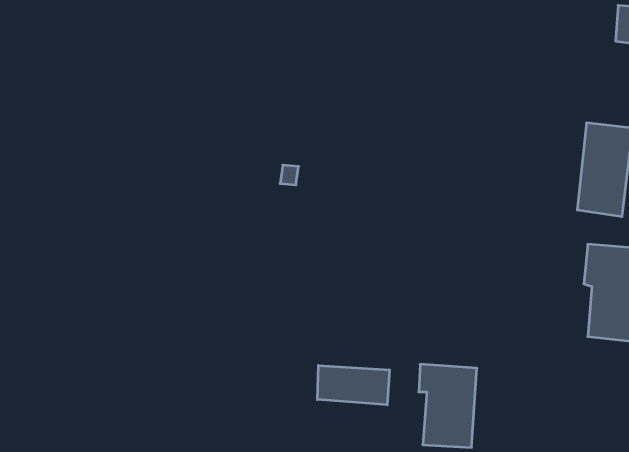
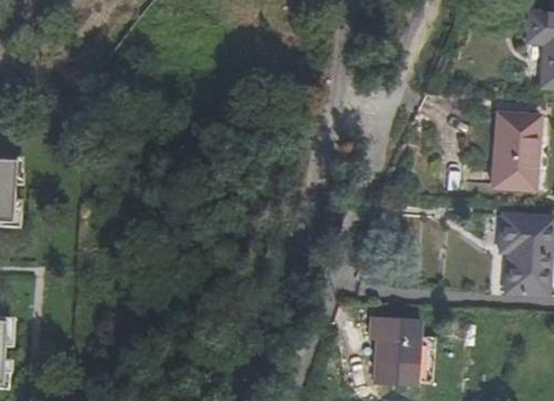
building: [317,365,390,405] -> none

